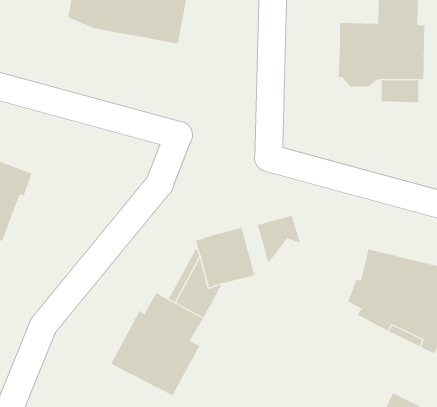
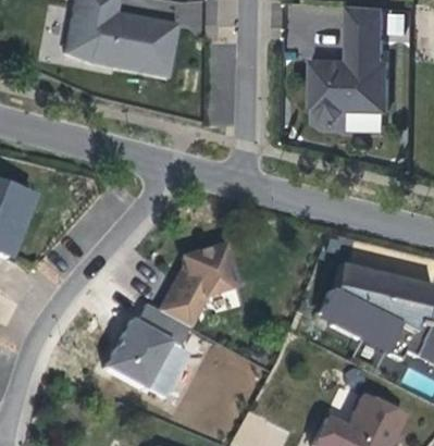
building: [257,215,301,264] -> none

